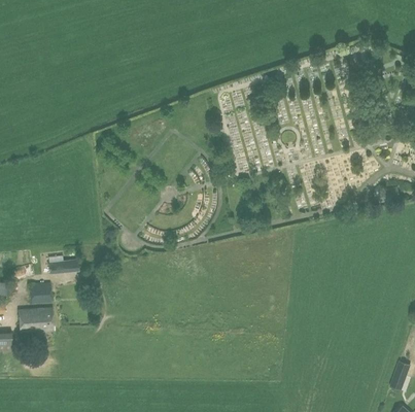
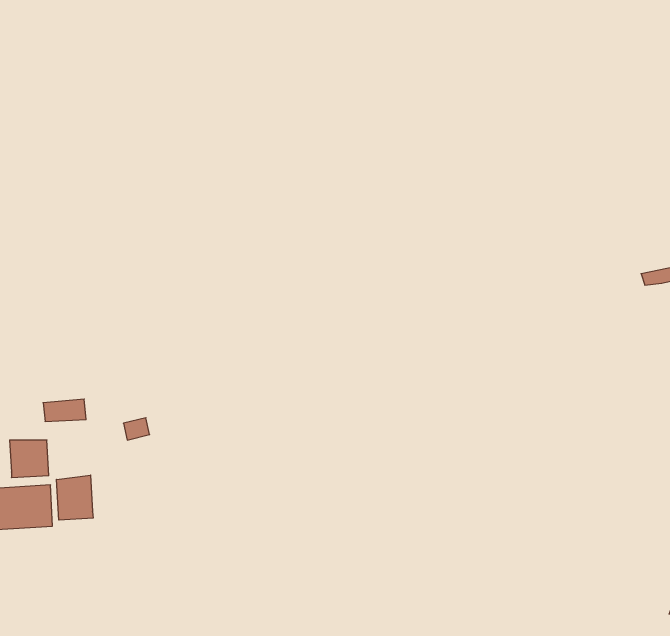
building: none -> [56,475,93,520]

